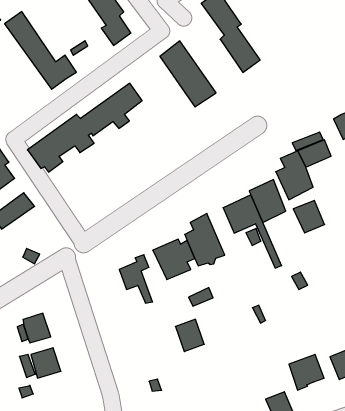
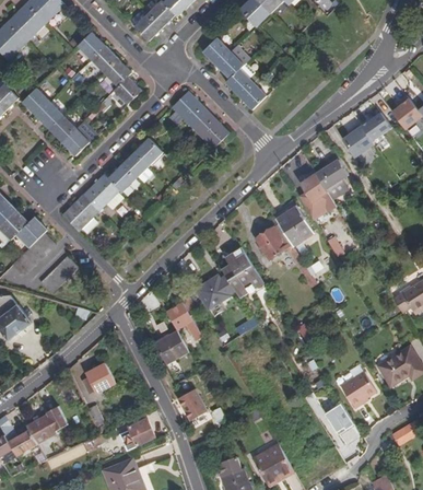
building: none -> [155,331,188,364]
building: [175,319,204,352] -> [177,389,207,421]
building: [31,348,61,378] -> [126,417,156,447]

